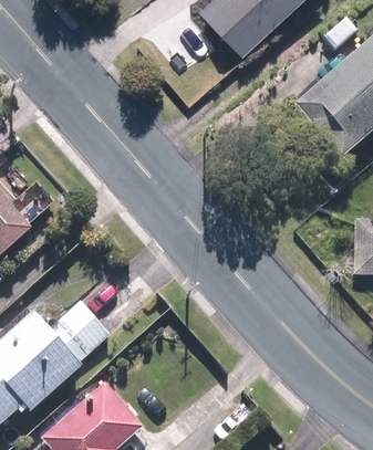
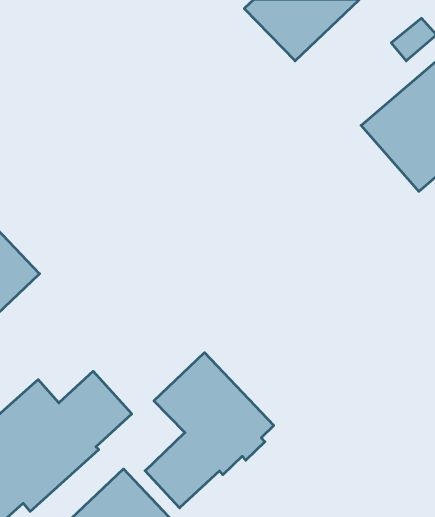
building: none -> [145,353,274,508]

